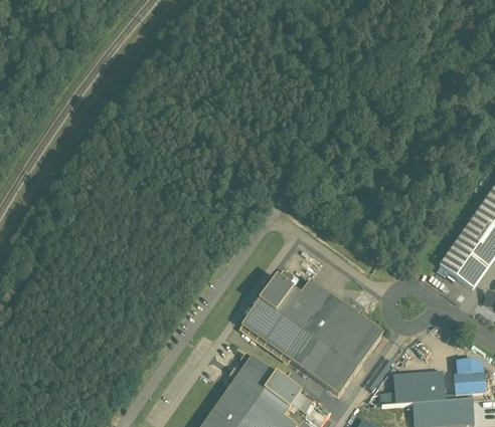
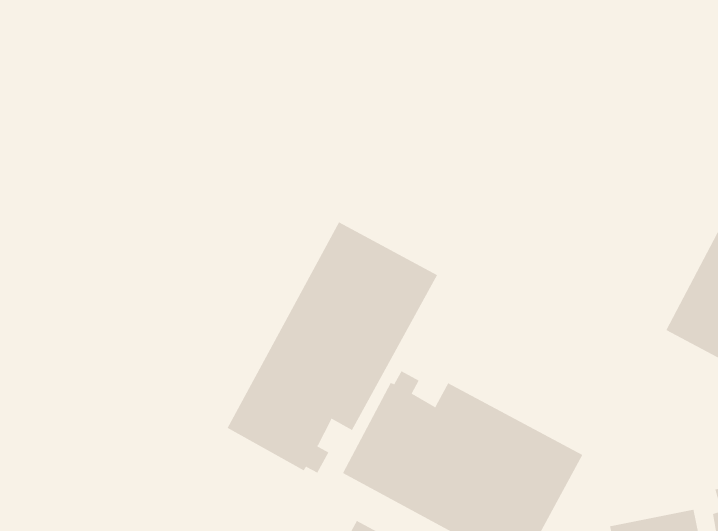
building: none -> [227,222,438,473]

